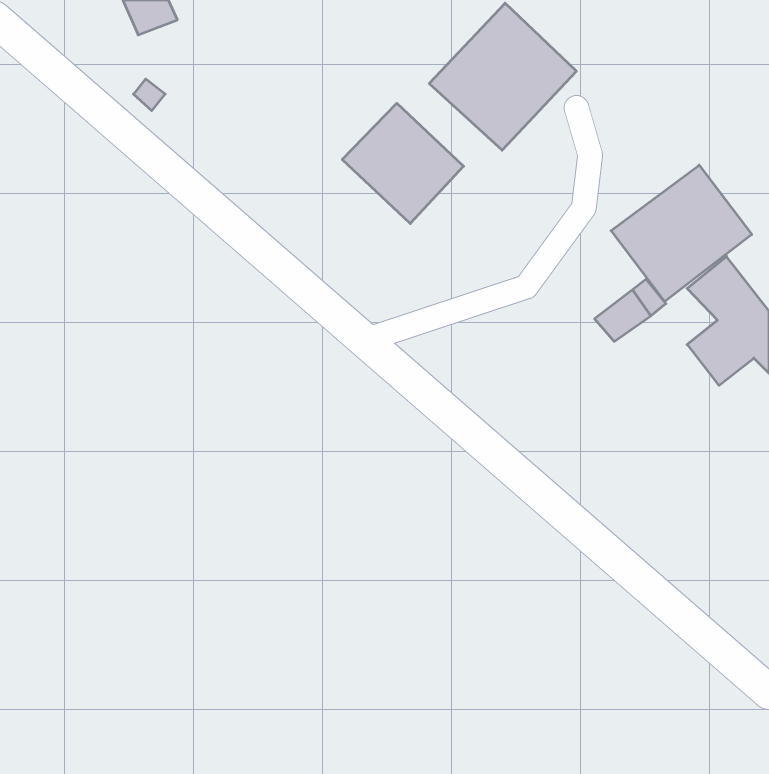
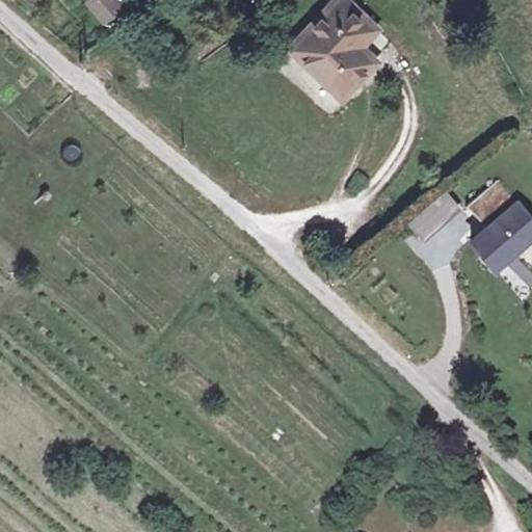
building: [342,103,464,224] -> none
building: [611,165,752,301] -> none

